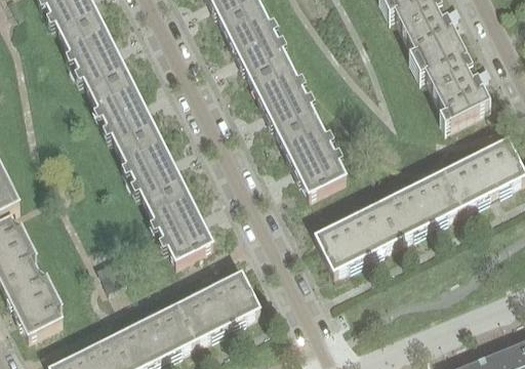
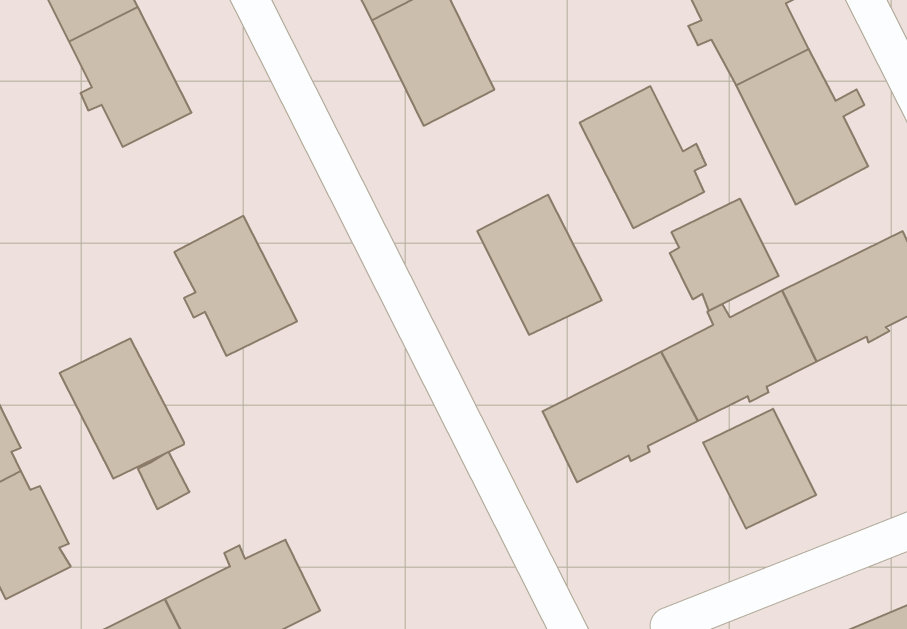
building: [252,63,320,138] -> [580,86,706,228]
building: [91,75,156,150] -> none
building: none -> [670,199,779,311]
building: [147,187,213,261] -> [60,339,184,479]
building: none -> [703,409,816,529]
building: [178,272,261,341] -> none

